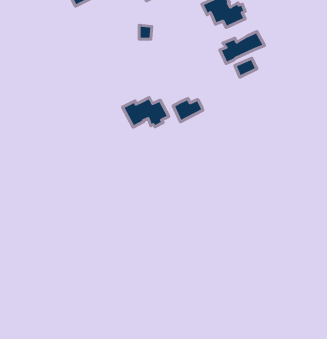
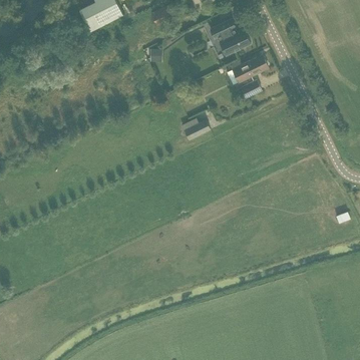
building: [123,97,169,127] -> none

